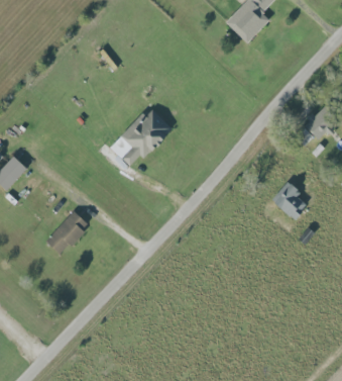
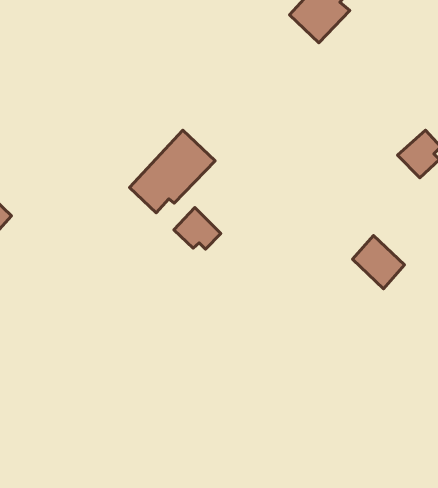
building: none -> [174,207,221,249]
building: [46,209,90,254] -> none

